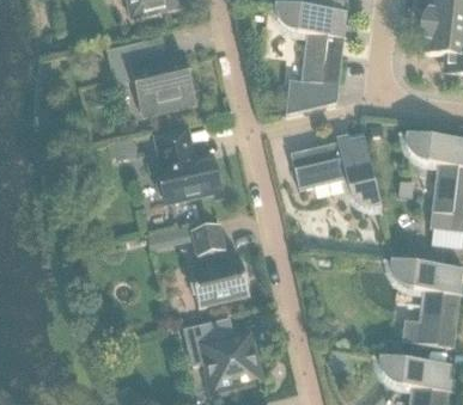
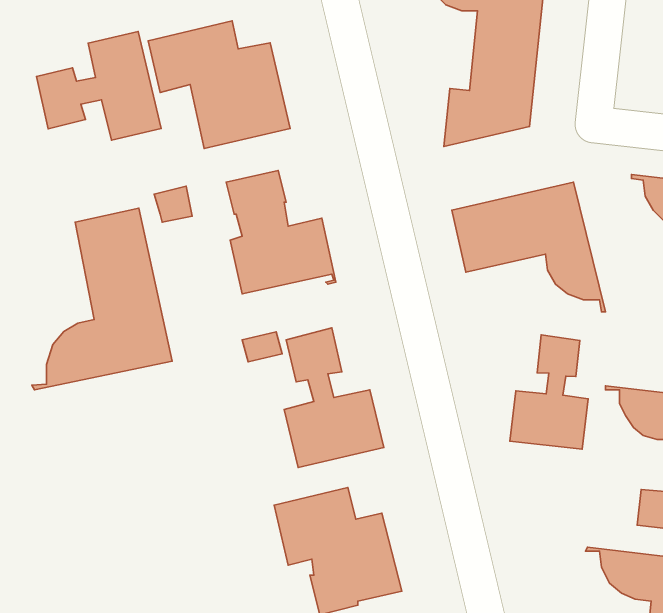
building: none -> [37,32,161,140]
building: none -> [32,208,172,390]
building: none -> [510,335,588,449]

